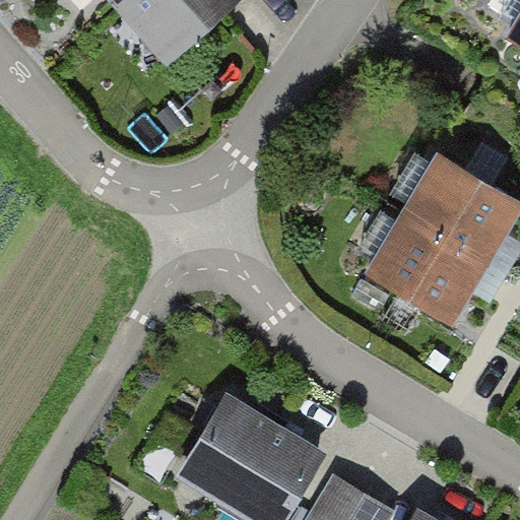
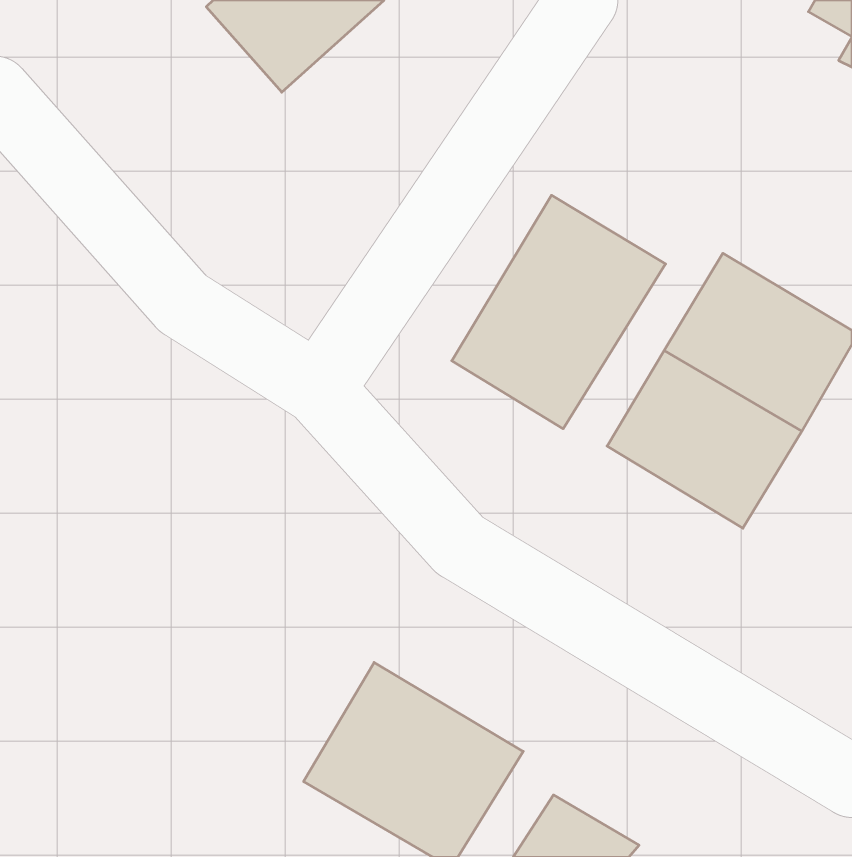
building: none -> [452,195,666,429]

